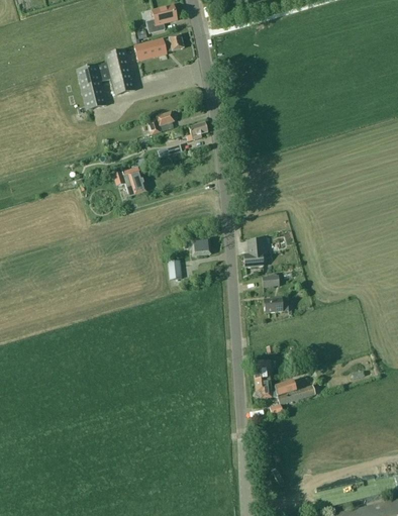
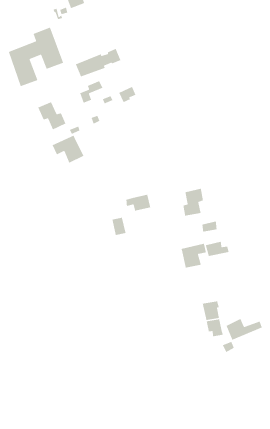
building: [134,34,184,62] -> [75,48,121,78]
building: none -> [37,101,67,131]
building: none -> [181,243,207,269]

